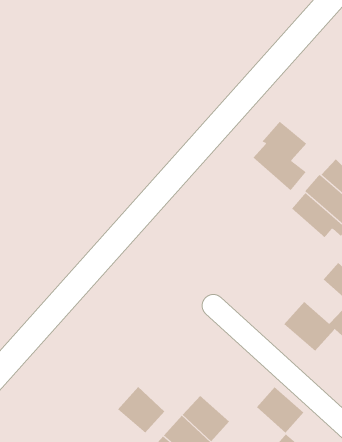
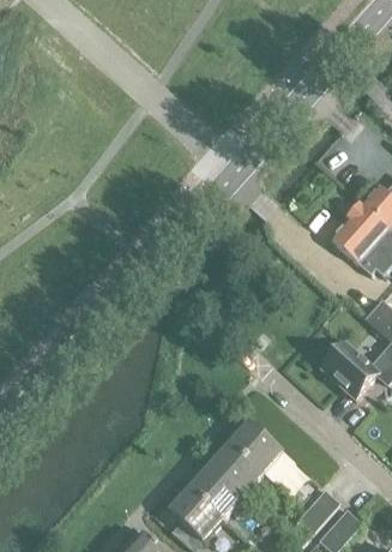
building: [252,121,307,191] -> none
building: [117,386,165,434] -> none
building: [256,386,304,433] -> [229,422,282,474]

